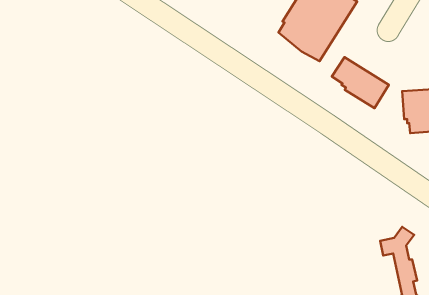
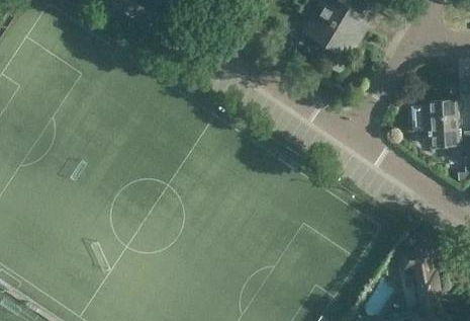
building: [332,57,389,108] -> none

